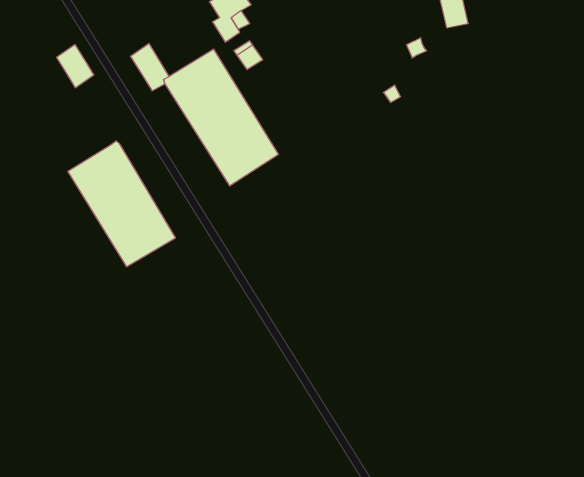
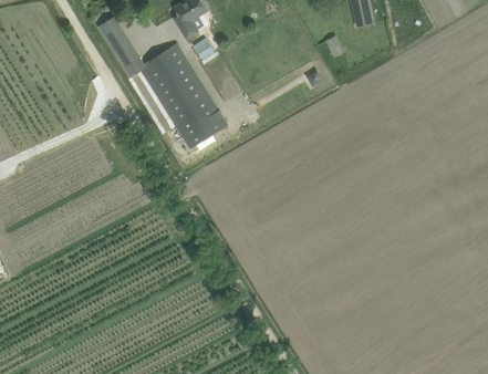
building: [57,45,94,88] -> [98,15,127,49]
building: [68,141,176,267] -> none

